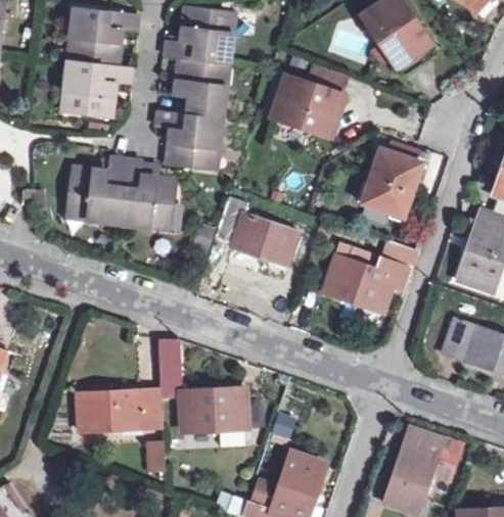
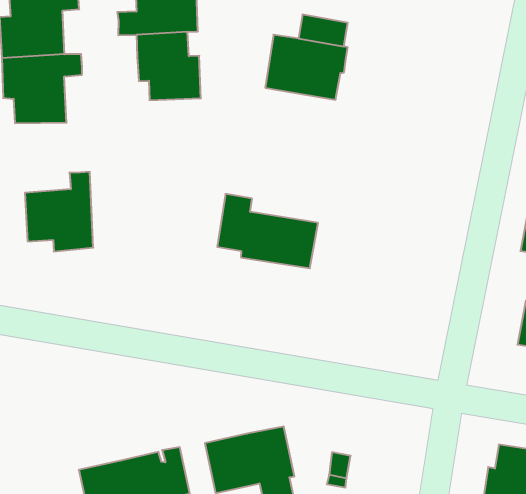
building: [156,110,222,170] -> none
building: [362,148,422,217] -> none
building: [118,161,177,227] -> none
building: [322,239,417,313] -> none
building: [157,340,183,388] -> none

